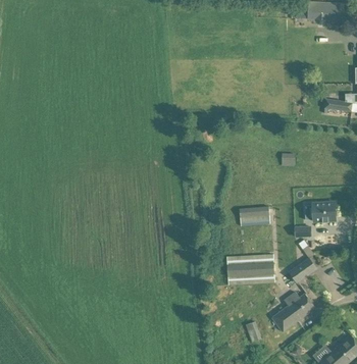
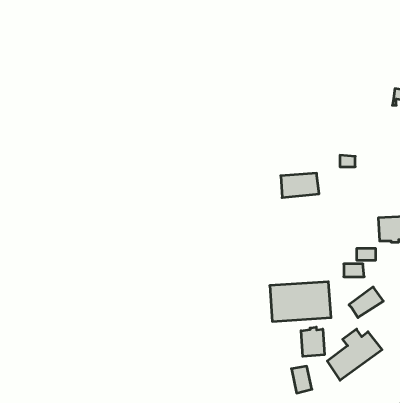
building: [239,204,269,223] -> [281,173,319,198]
building: none -> [301,327,324,356]

